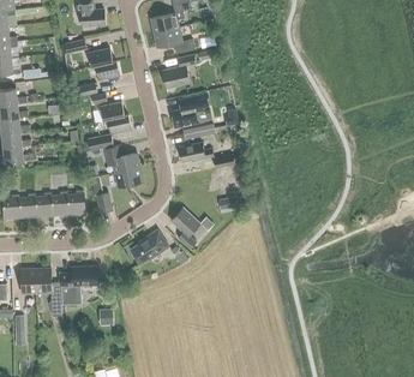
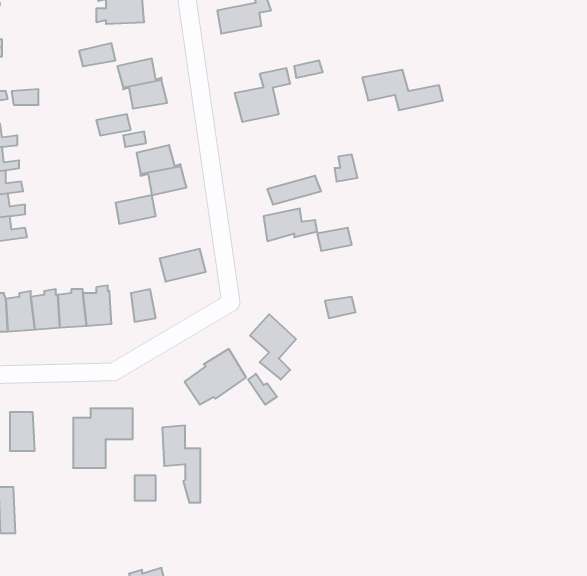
building: [154,28,204,53] -> [362,70,443,110]
building: [172,94,210,127] -> none
building: [104,145,140,173] -> none
building: [36,268,60,316] -> [162,426,201,502]

